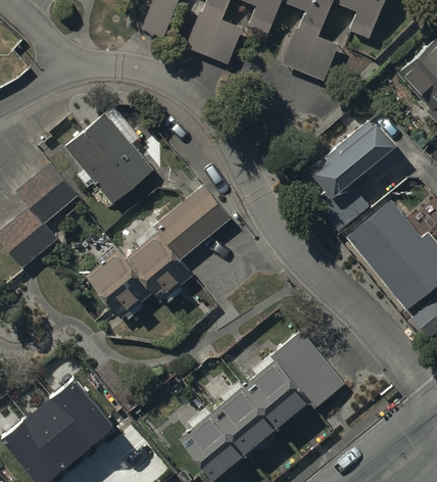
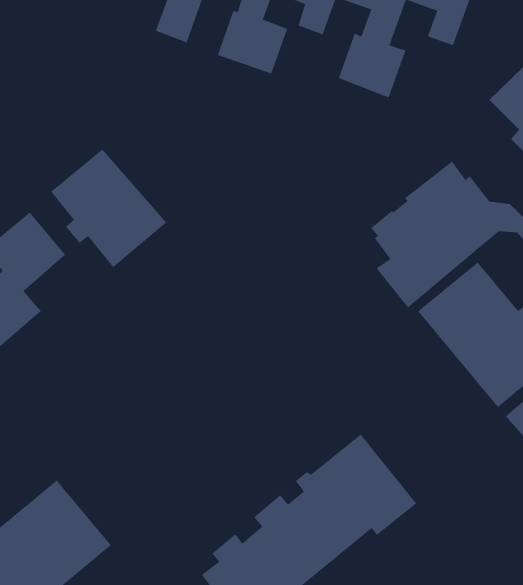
building: [86,182,230,315] -> none

